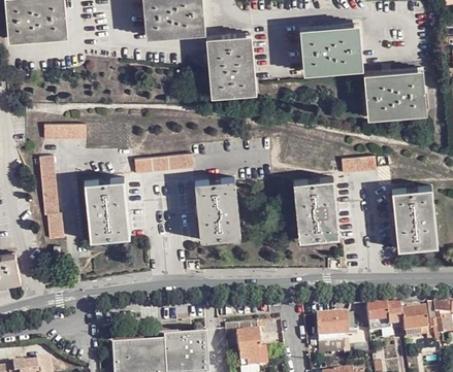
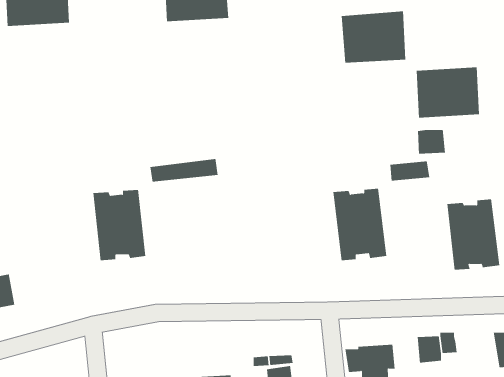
building: [209,36,252,93] -> none
building: [44,125,86,141] -> none
building: none -> [417,129,445,155]
building: [39,158,64,240] -> none
building: [194,178,239,240] -> none
building: [400,307,428,332] -> none

